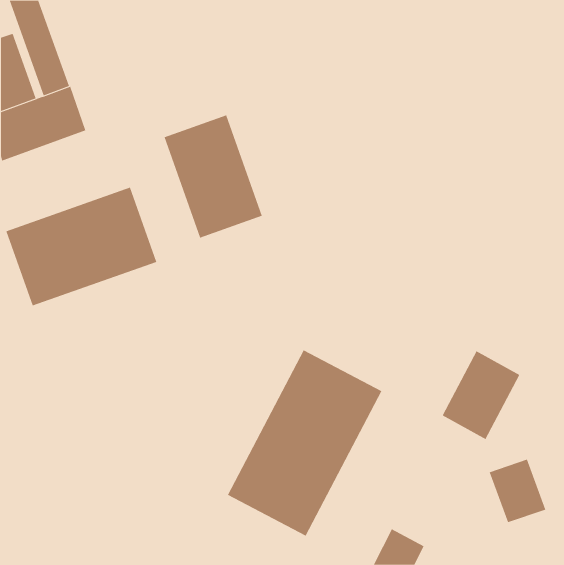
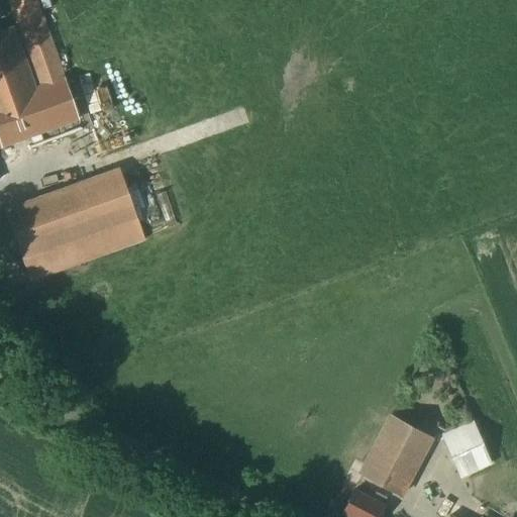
building: [164,115,263,239] -> none
building: [227,350,382,536] -> none
building: [442,350,520,440] -> [360,415,432,497]

